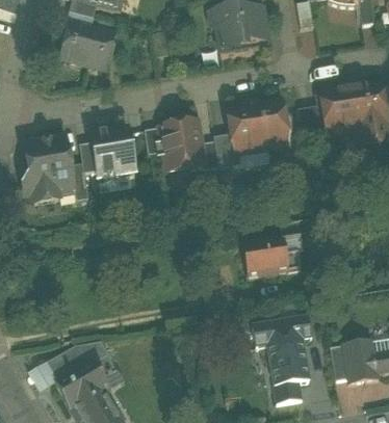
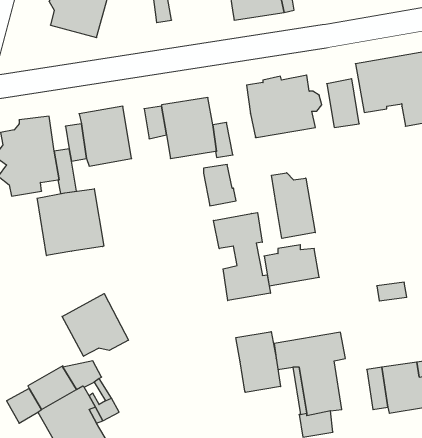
building: [213,132,240,166] -> [204,165,236,206]
building: none -> [272,173,315,238]
building: none -> [37,189,104,256]
building: none -> [213,213,270,301]
building: none -> [62,294,128,356]
building: none -> [236,332,281,392]

